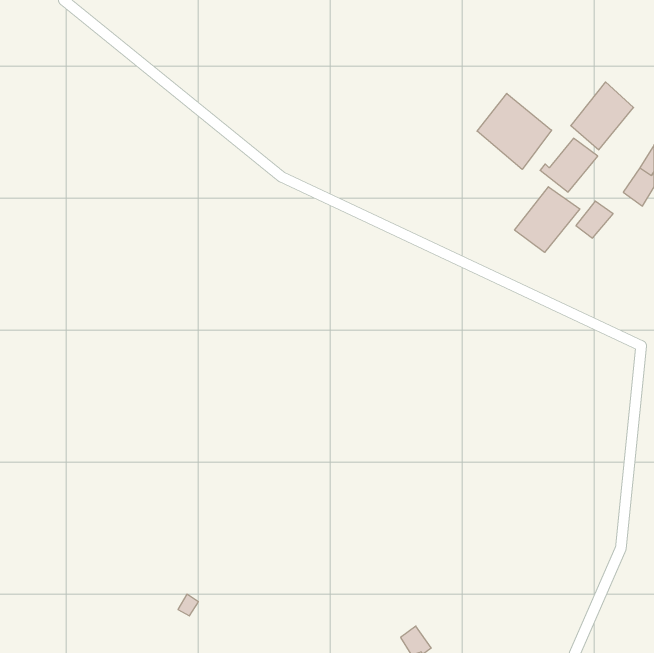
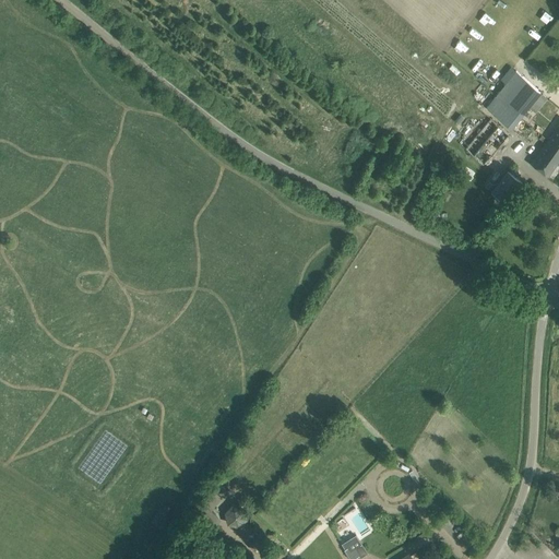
building: [477,93,552,169] -> none
building: [515,187,580,252] -> none

